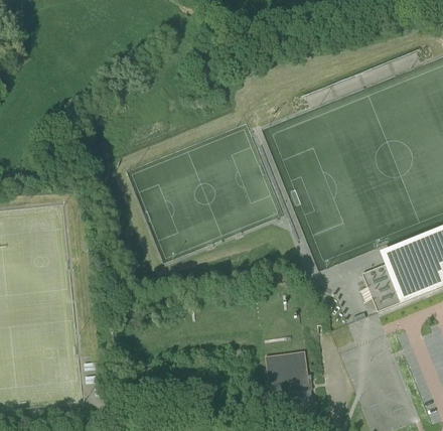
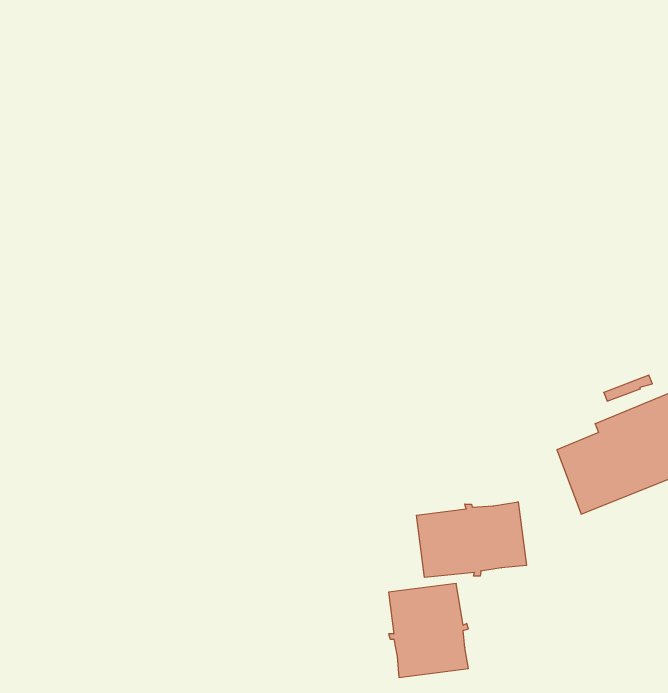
building: none -> [416,502,526,577]

